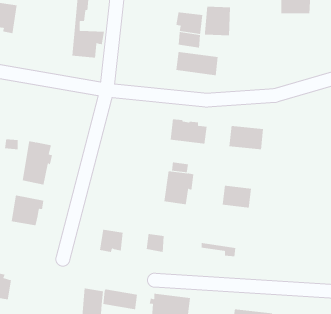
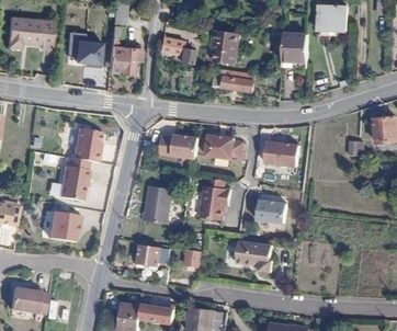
building: [204,6,231,36] -> [281,32,307,61]
building: none -> [159,36,194,62]
building: none -> [77,39,105,65]
building: none -> [72,127,101,161]
building: none -> [159,132,198,158]
building: none -> [146,185,173,222]
building: none -> [237,241,272,262]

